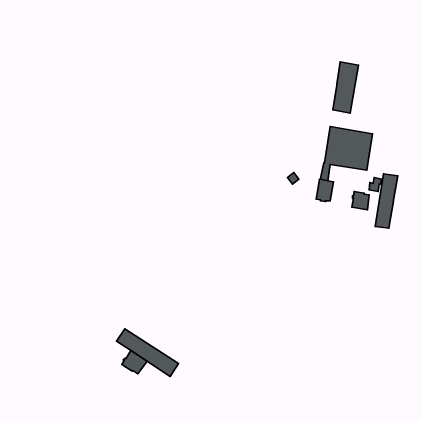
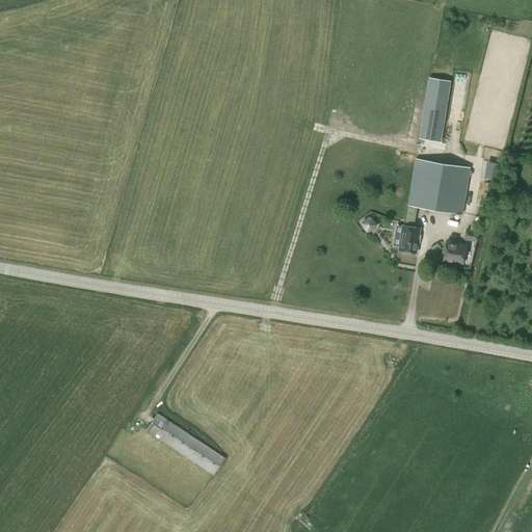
building: [375,174,398,228] -> none
building: [122,351,147,374] -> none

